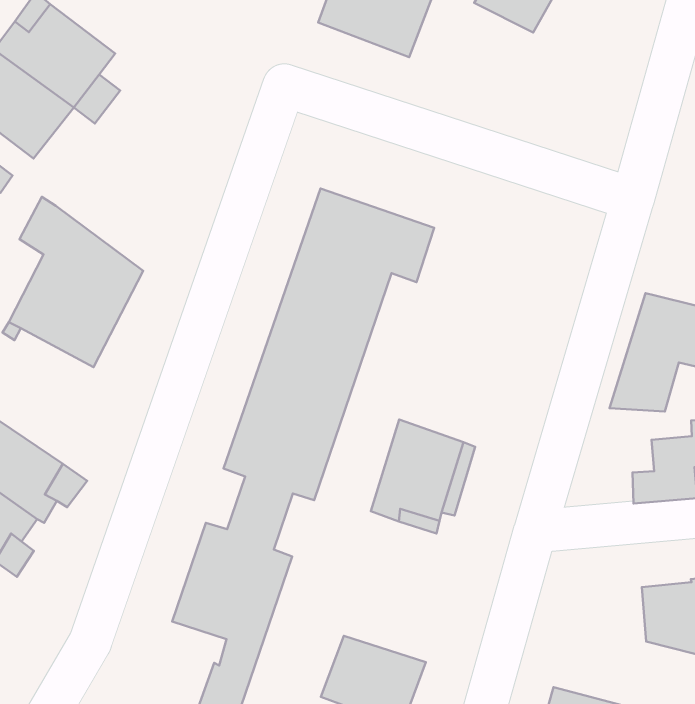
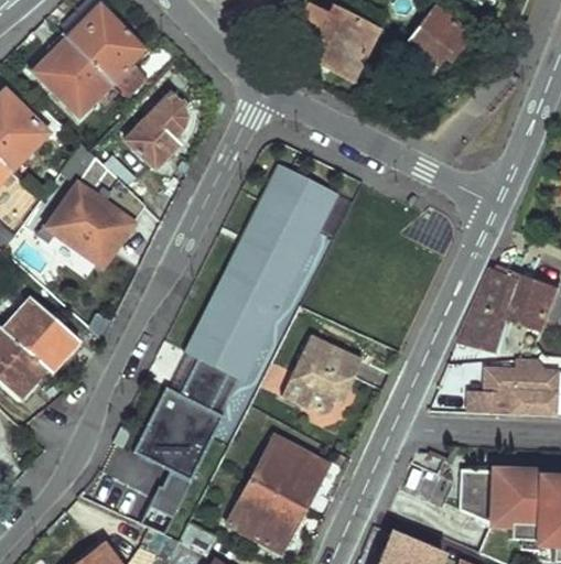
building: none -> [127,91,187,167]
building: none -> [251,434,330,506]

